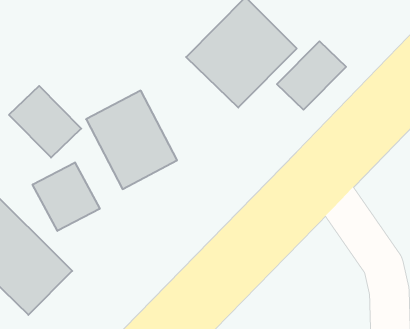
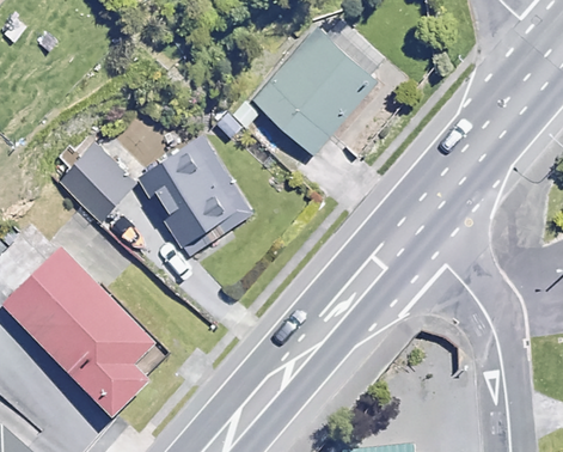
building: [277,41,346,110] -> none
building: [33,162,100,231] -> none

